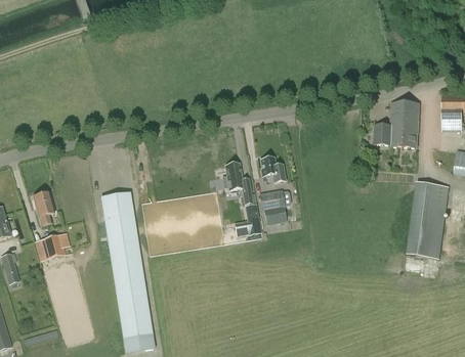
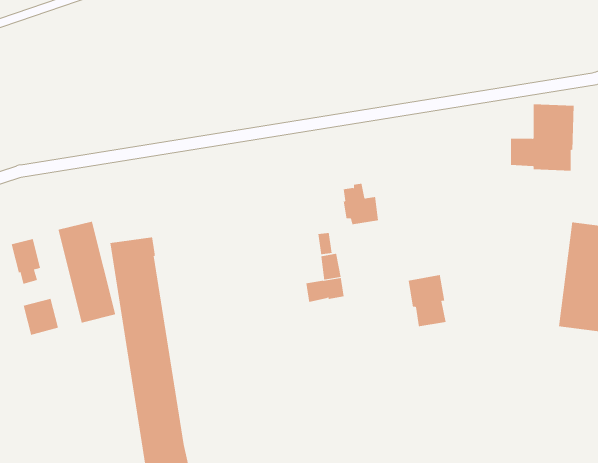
building: [222,163,244,189] -> none
building: none -> [58,221,116,323]
building: [259,188,286,224] -> [408,274,447,327]

